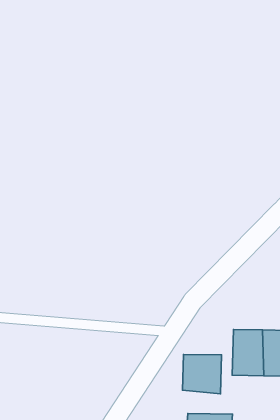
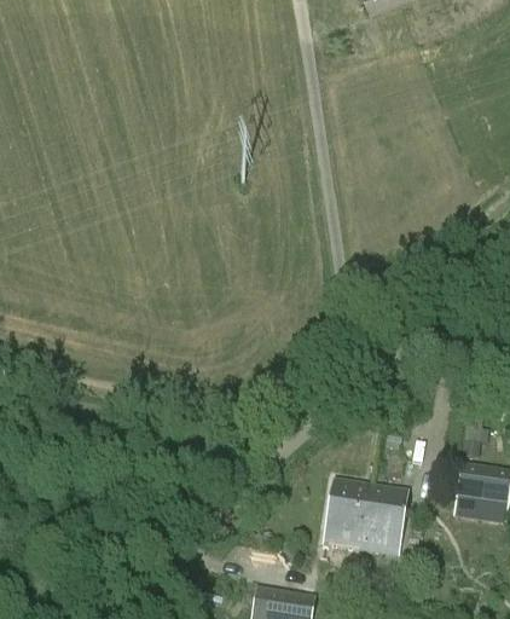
building: [182,354,222,394] -> none

